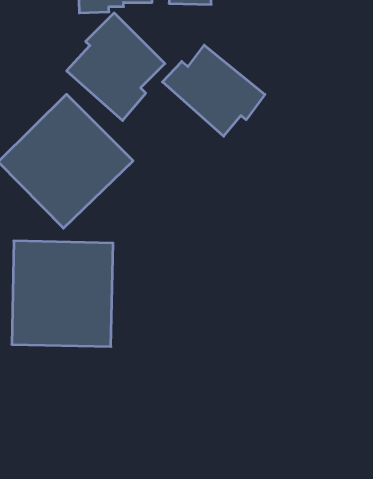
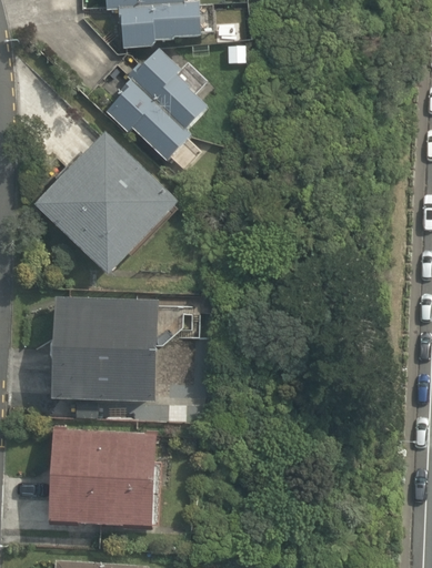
building: [162,45,265,136] -> none
building: none -> [50,426,161,524]

